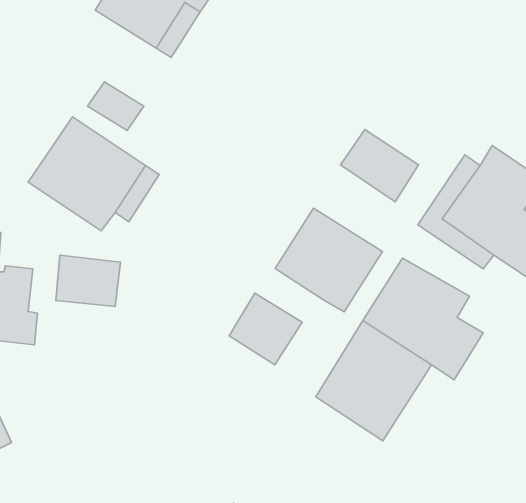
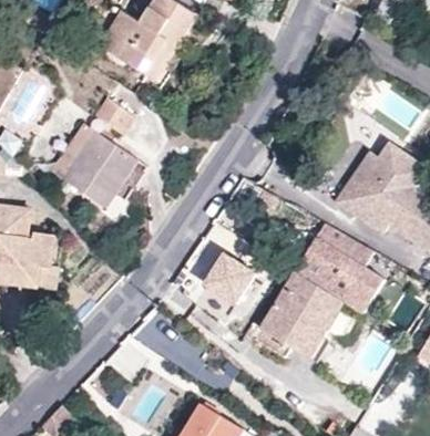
building: [341,129,419,202] -> none
building: [275,208,383,312] -> none
building: [56,255,120,307] -> none

